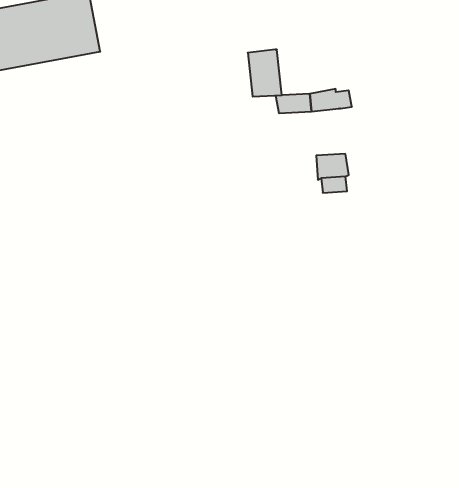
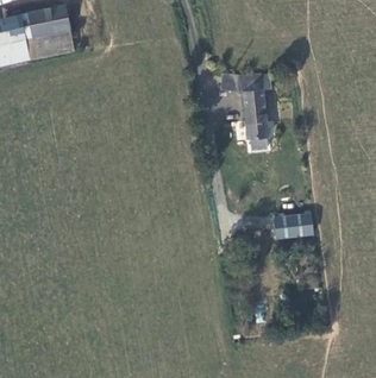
building: [248,50,282,97] -> [240,87,265,121]
building: none -> [272,212,311,237]

